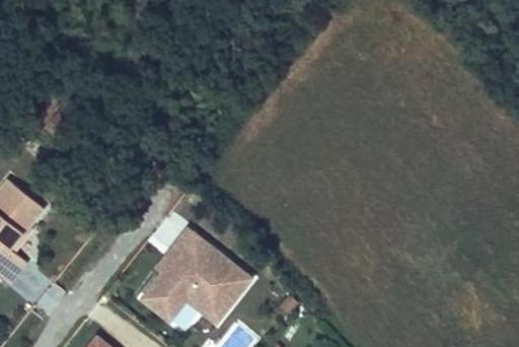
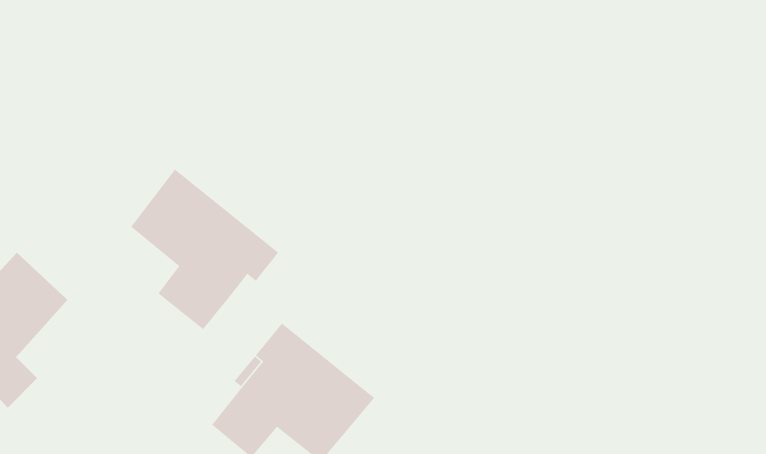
building: none -> [130,168,279,330]

